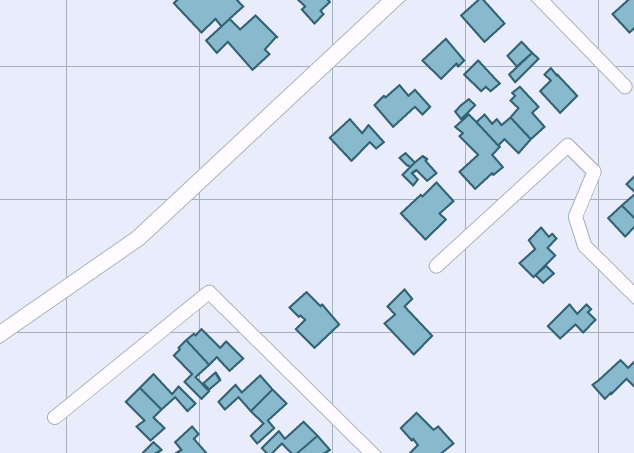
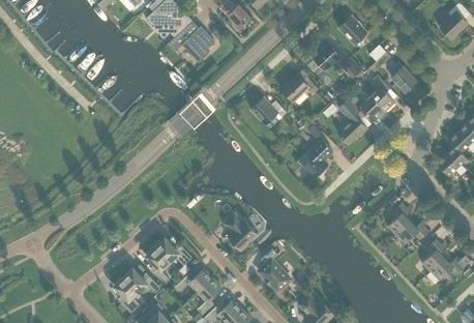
building: [520,228,557,277] -> [387,202,412,235]
building: [384,290,432,355] -> [259,247,291,291]
building: none -> [422,239,446,271]

